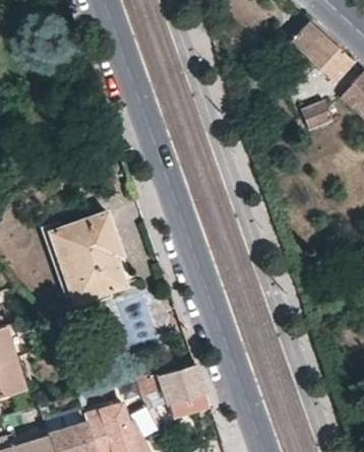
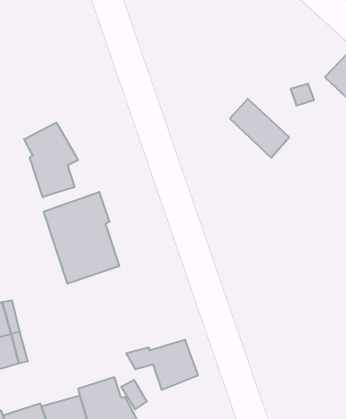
building: [289,19,350,80] -> [230,99,289,158]
building: none -> [24,123,78,197]

